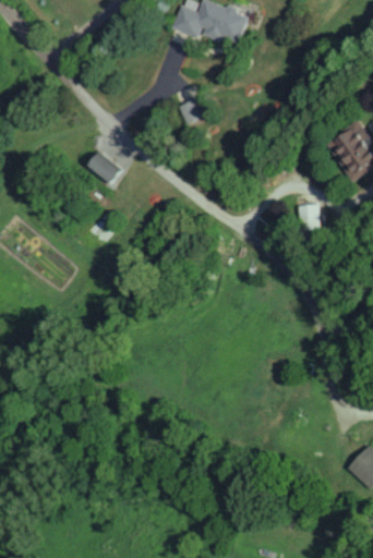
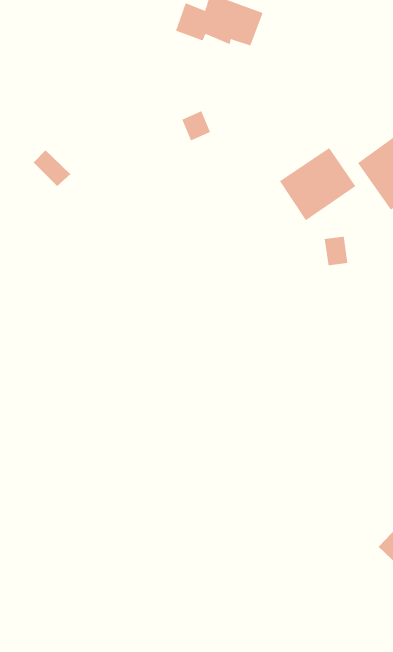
building: none -> [279,147,356,221]
building: [86,153,119,184] -> [33,150,71,187]

